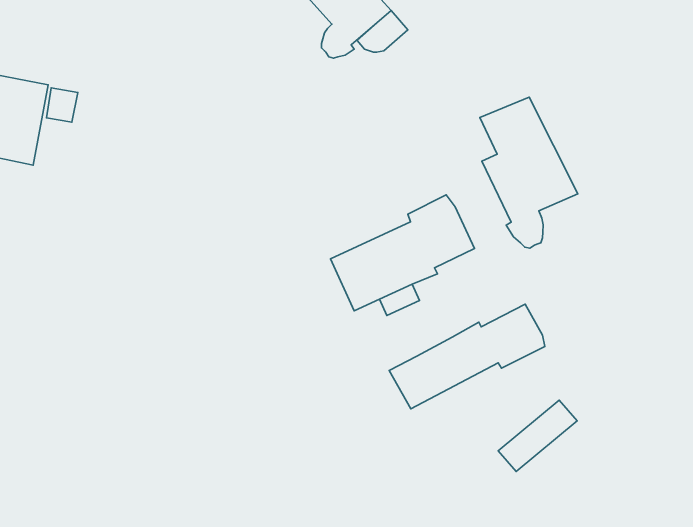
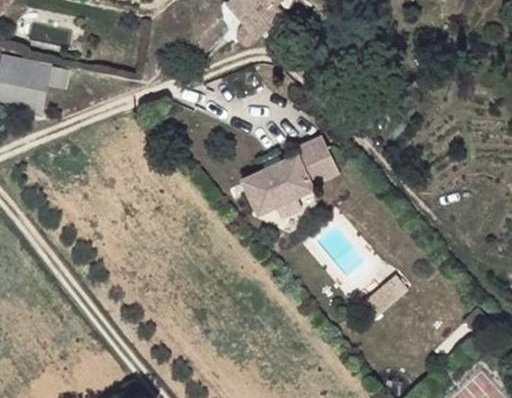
building: [480,97,578,248] -> none
building: [389,304,545,409] -> none

